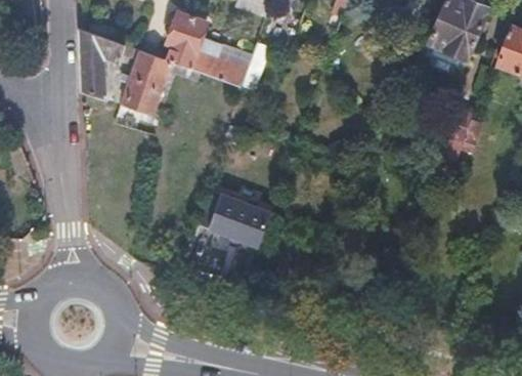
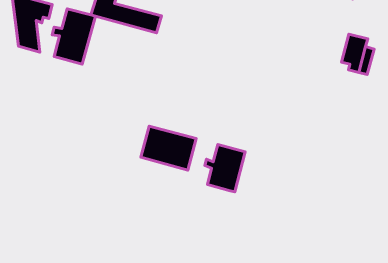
building: none -> [205,145,245,192]

